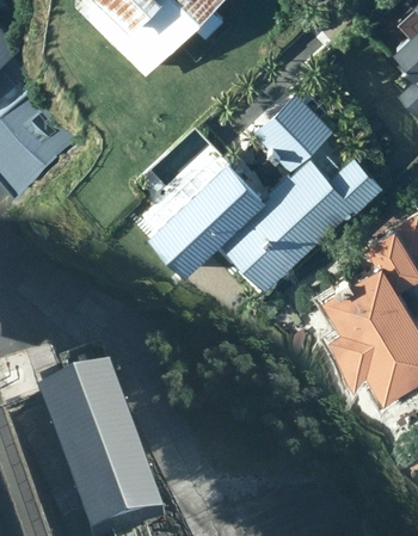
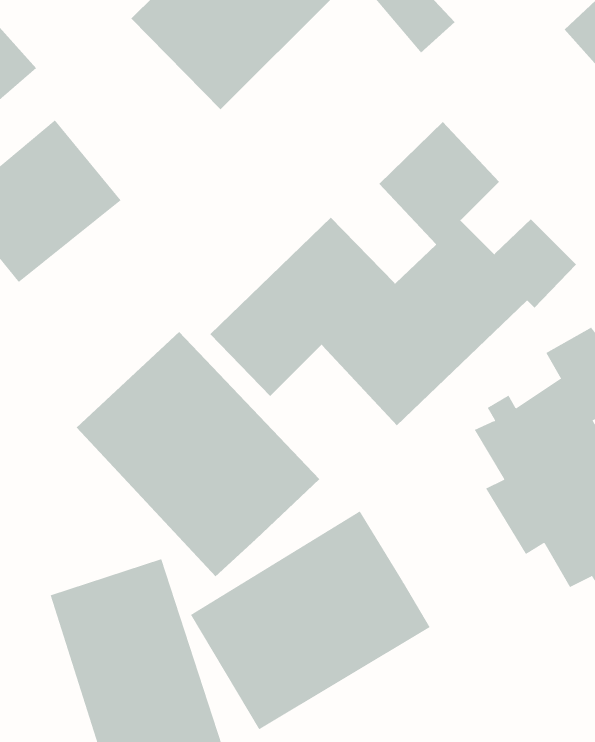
building: none -> [76,331,320,577]
building: none -> [190,510,431,730]

